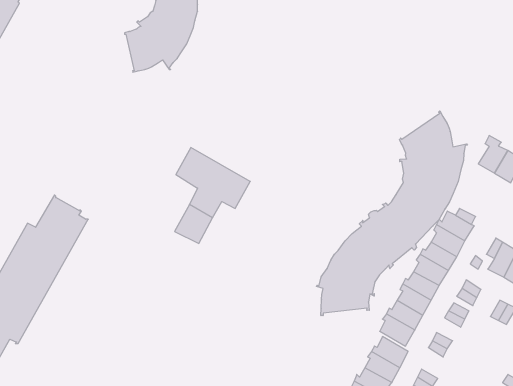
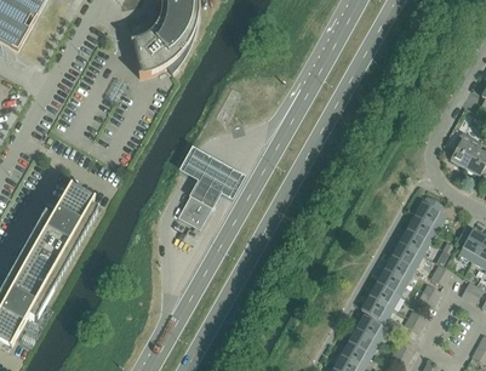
building: [316,111,467,316] -> none

